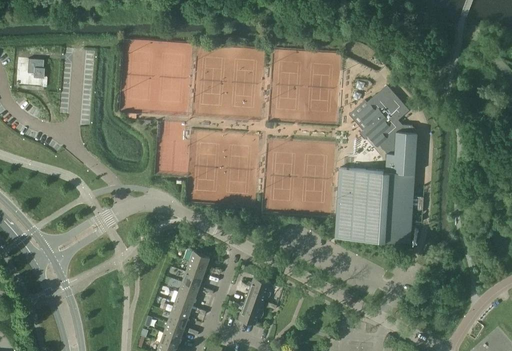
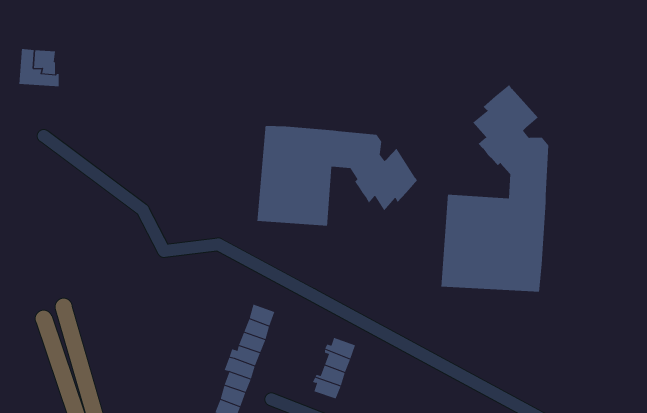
building: none -> [257,125,418,227]

